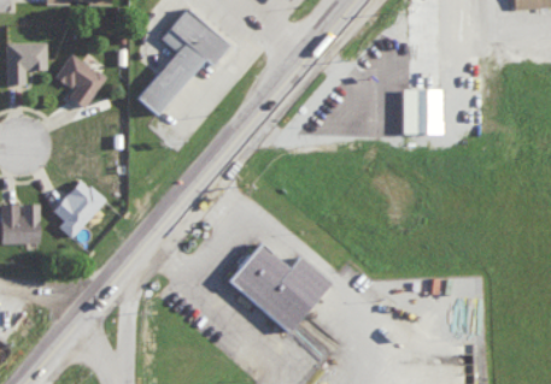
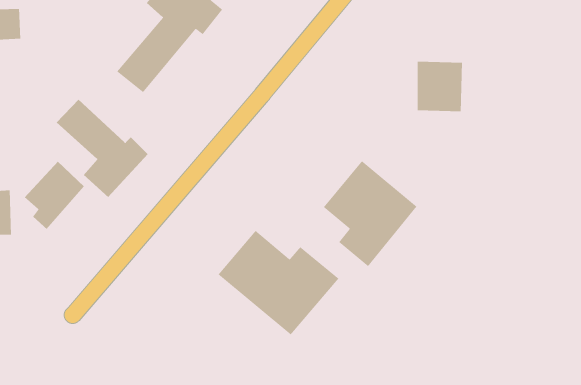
building: [55,55,106,111] -> none
building: none -> [56,99,149,198]
building: none -> [323,160,418,267]

